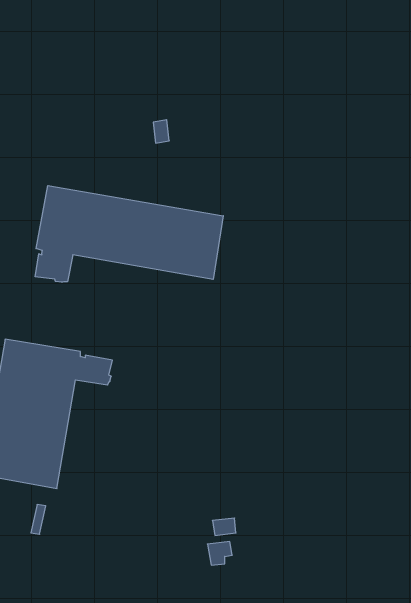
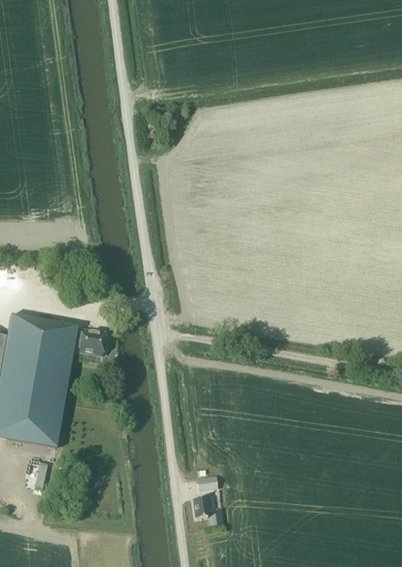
building: [35,186,223,282] -> none

